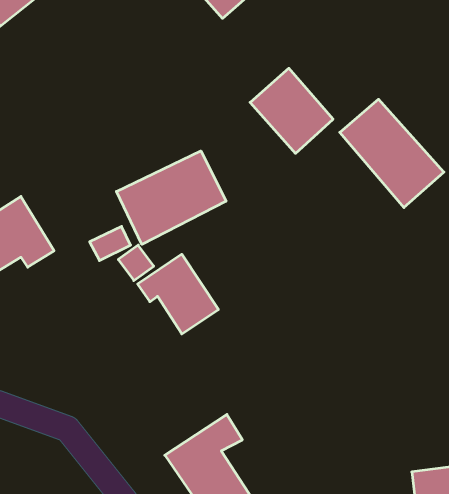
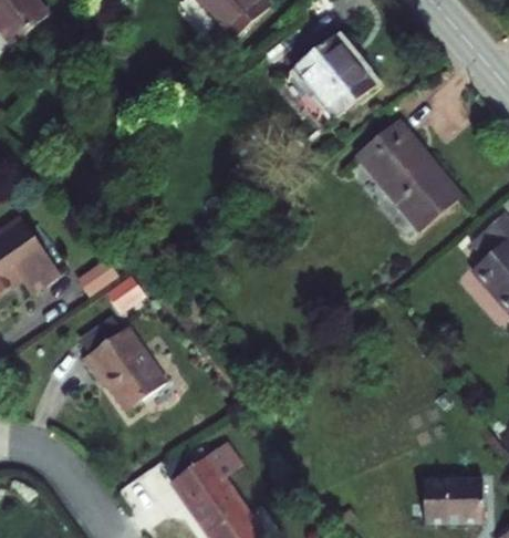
building: [250,68,333,153] -> [285,31,368,116]
building: [116,151,226,244] -> none
building: [138,254,218,334] -> [73,321,154,401]

